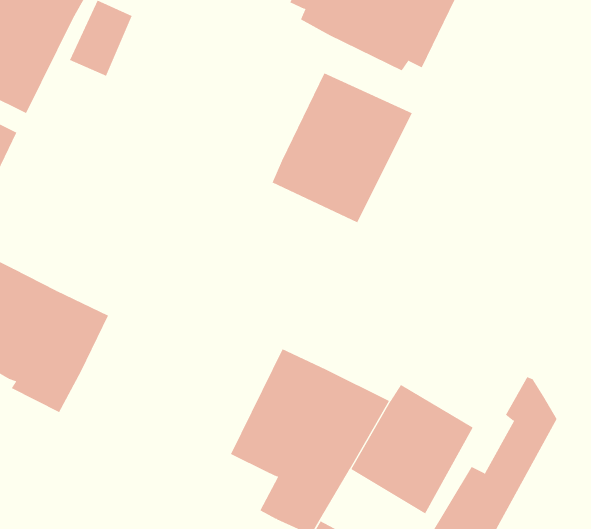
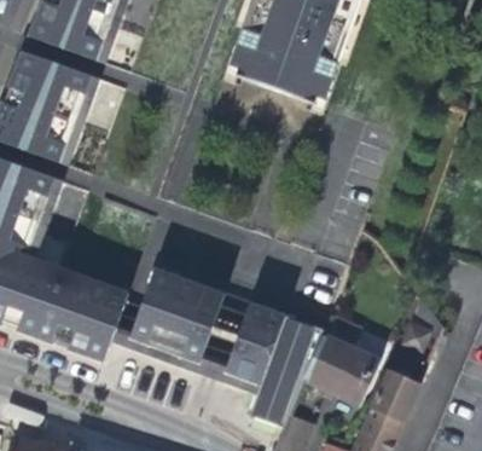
building: [272,73,413,223] -> none
building: none -> [128,267,226,370]

